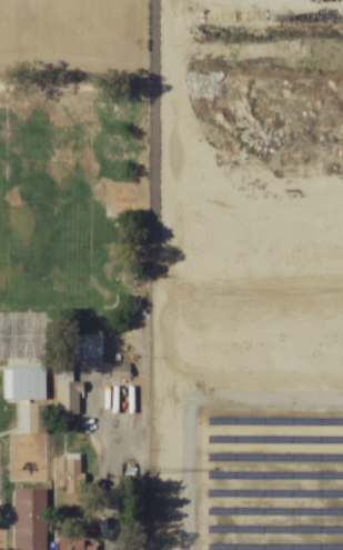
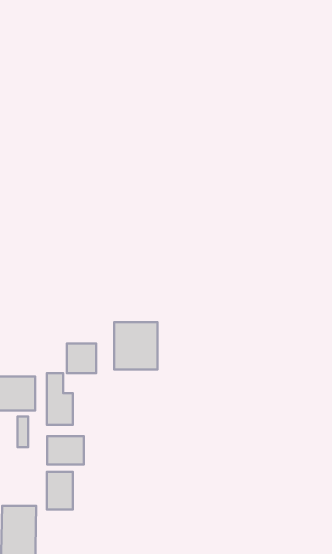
building: none -> [114,322,157,369]
building: none -> [47,436,84,464]

